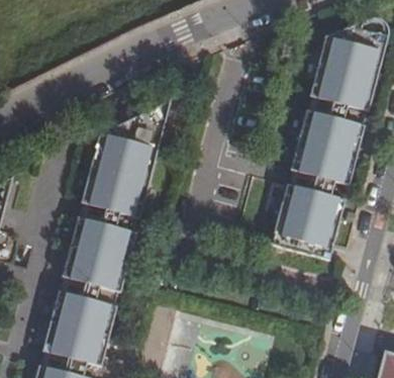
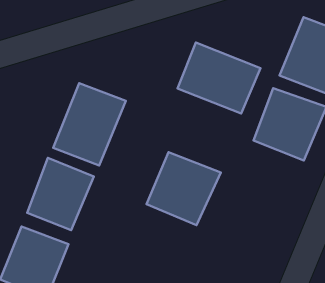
building: none -> [177,42,261,114]
building: [270,185,343,258] -> [146,152,221,225]

